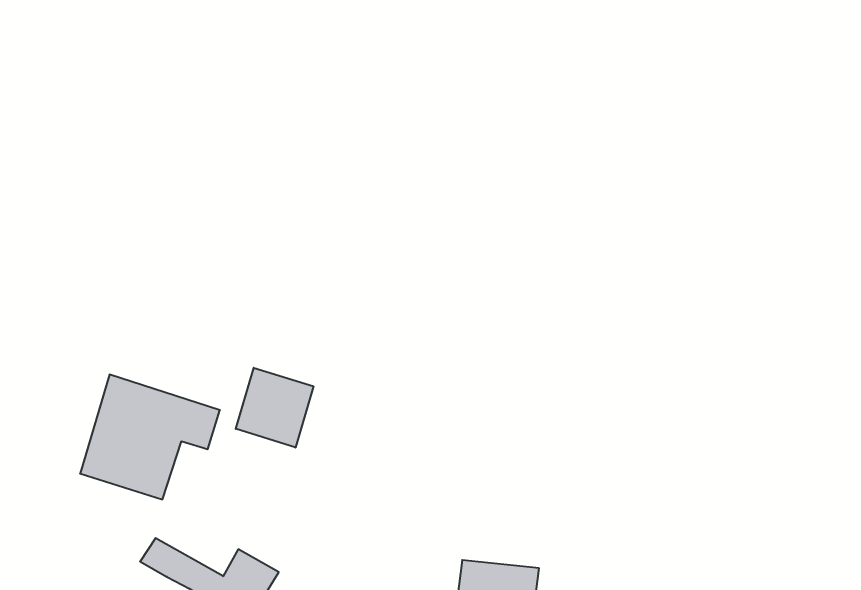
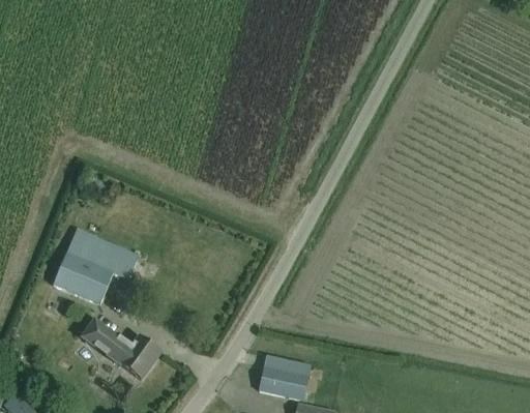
building: [236,368,313,448] -> none

